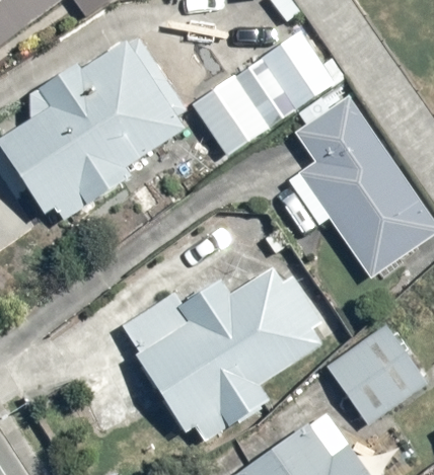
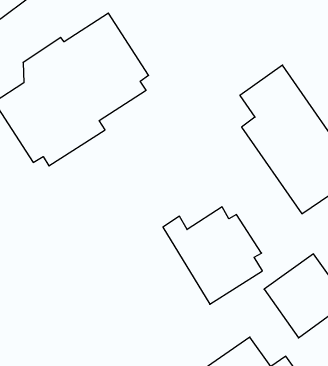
building: [193,30,336,154] -> none
building: [122,291,268,440] -> none

